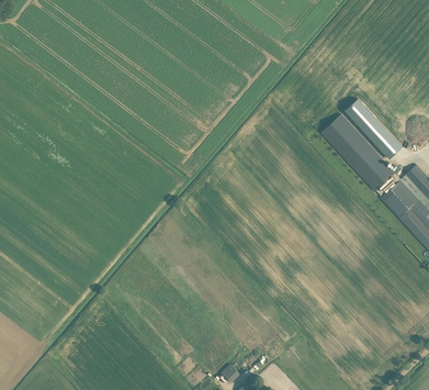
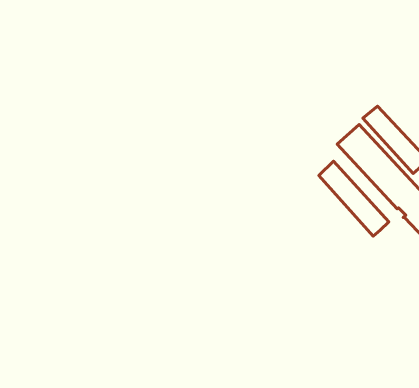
building: none -> [319,161,389,236]

